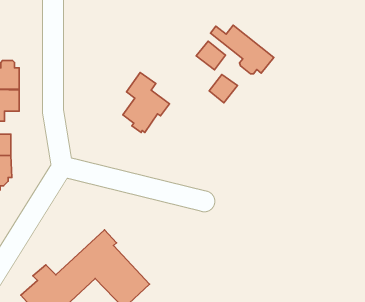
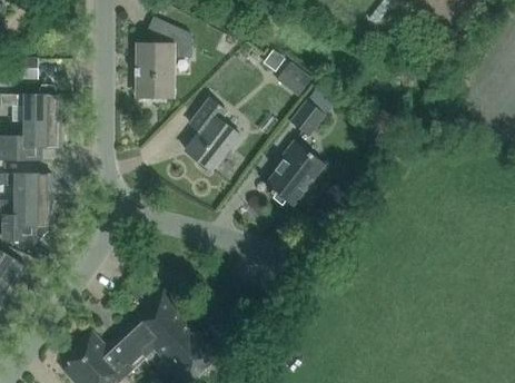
building: none -> [137,18,190,97]
building: [211,25,274,74] -> none
building: none -> [265,140,325,206]

